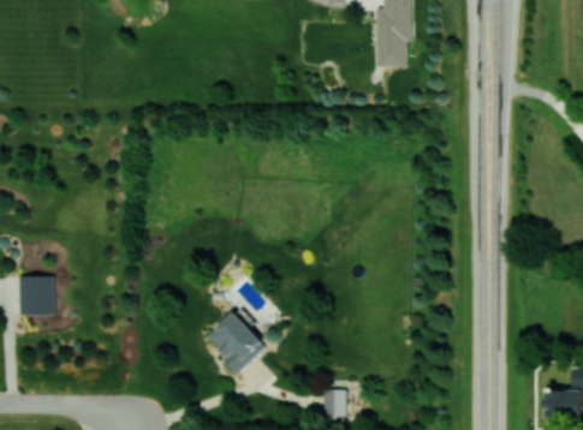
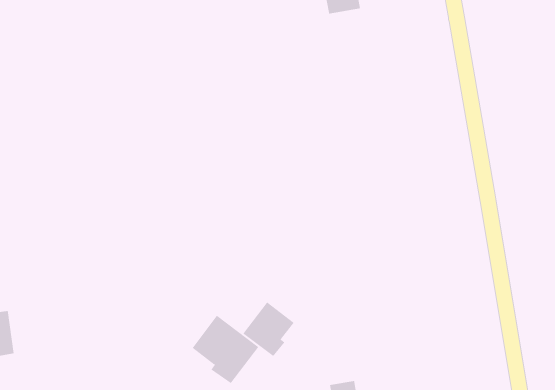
building: none -> [242,301,294,357]

